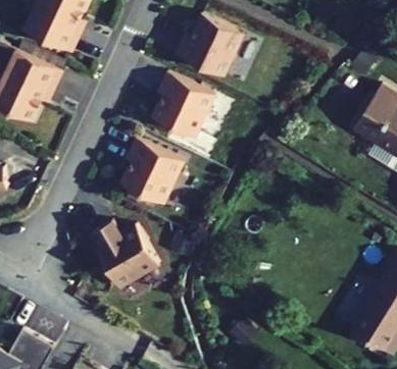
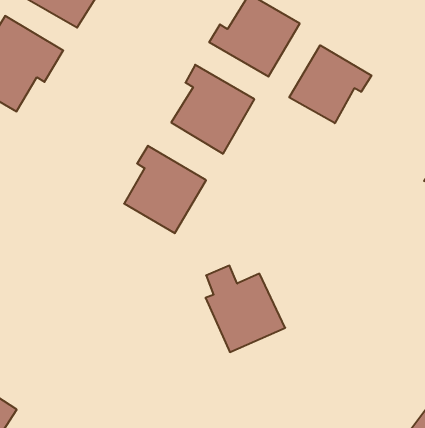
building: none -> [289,45,371,123]
building: [94,217,158,283] -> [205,266,285,352]

